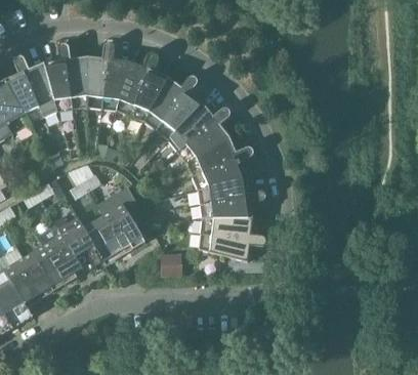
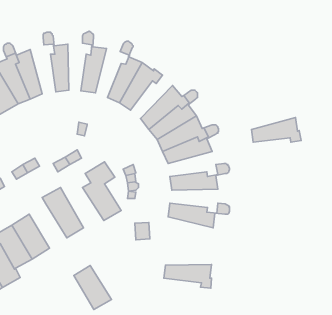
building: [86,53,113,107] -> none
building: [44,54,73,110] -> none
building: [117,59,155,114] -> none
building: [156,74,203,137] -> none
building: [198,174,253,202] -> [251,118,301,142]
building: [84,214,126,263] -> none
building: [200,216,253,243] -> [164,264,212,288]
building: [43,233,85,282] -> [74,265,111,310]

